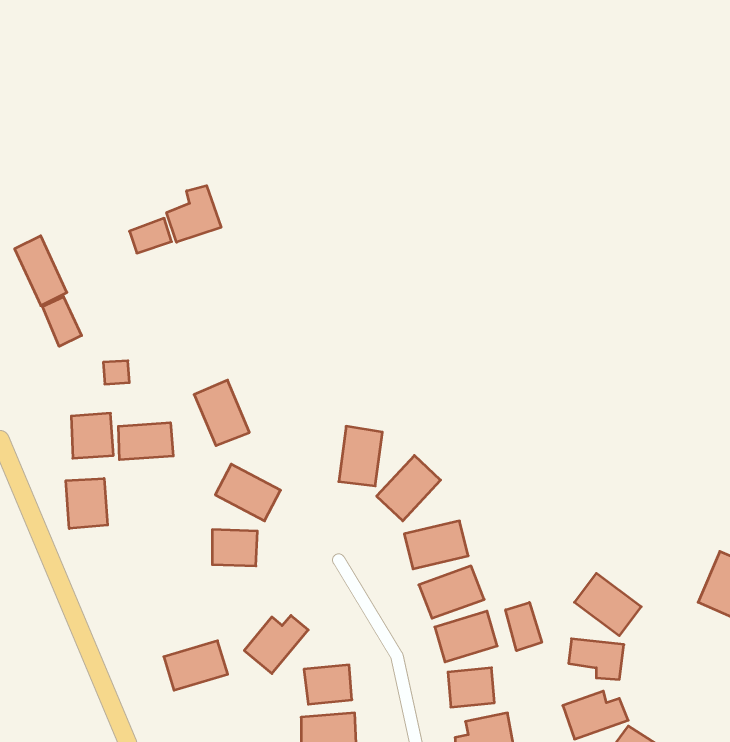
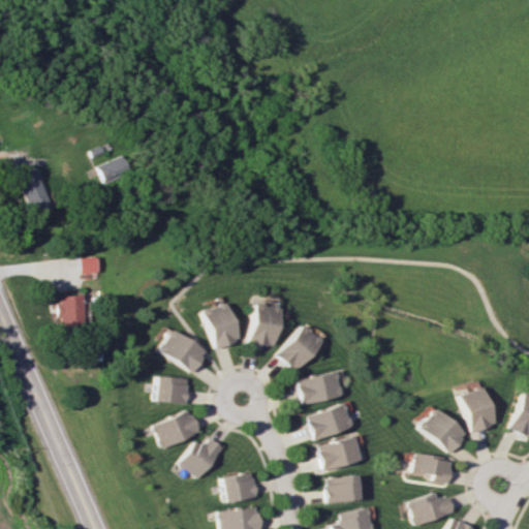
building: [167,186,221,242] -> none
building: [42,297,82,346] -> none
building: [194,380,249,446] -> [204,302,243,348]
building: [118,423,173,460] -> none
building: [66,478,108,529] -> none
building: none -> [457,386,493,432]
building: [506,602,542,651] -> none
building: [164,641,228,690] -> [158,411,204,446]

